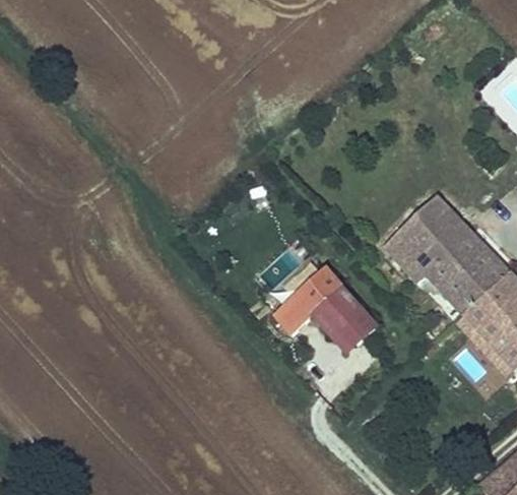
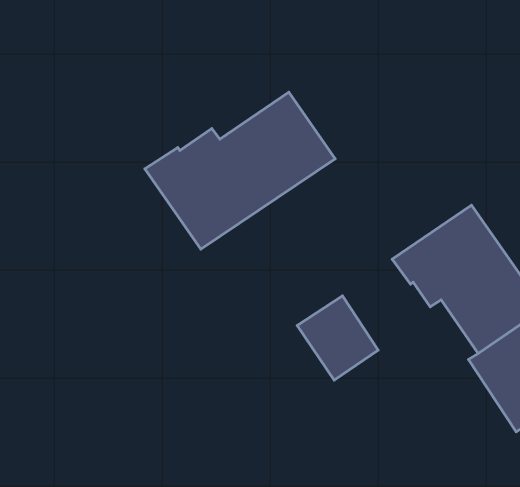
building: none -> [145,92,335,249]
building: [274,263,345,332] -> none

